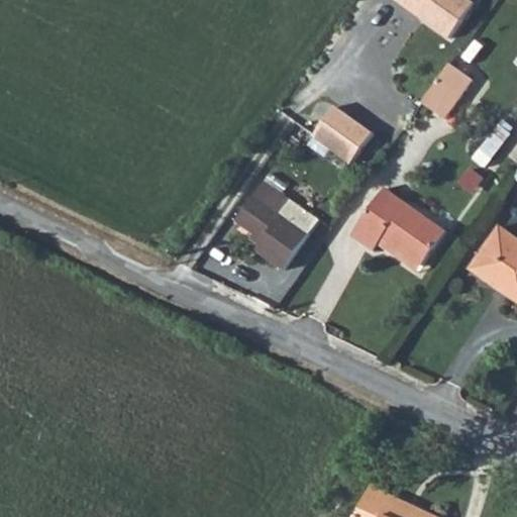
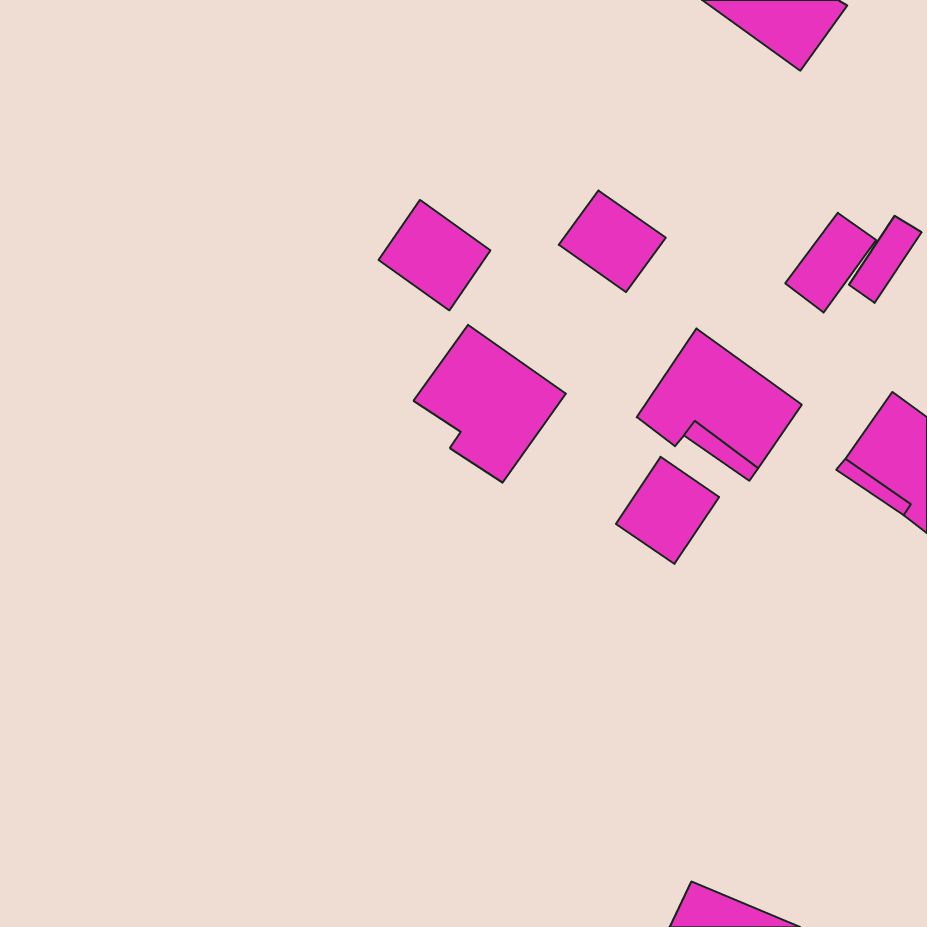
building: [420,66,471,121] -> [785,213,876,313]
building: none -> [379,200,490,310]
building: none -> [616,457,719,564]

